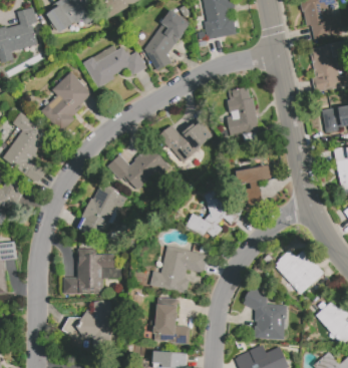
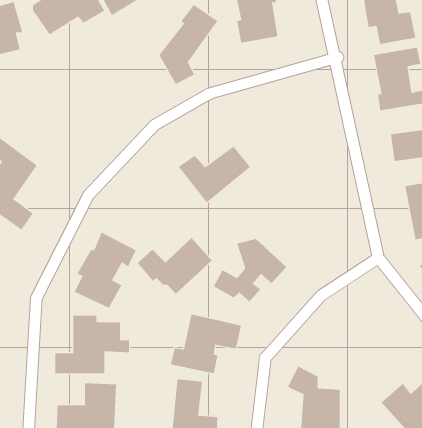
building: [82,44,146,88] -> none
building: [40,72,91,133] -> none
building: [226,86,258,136] -> none
building: [107,145,165,190] -> [137,237,212,294]
building: [237,165,270,207] -> none
building: [275,250,324,295] -> none

